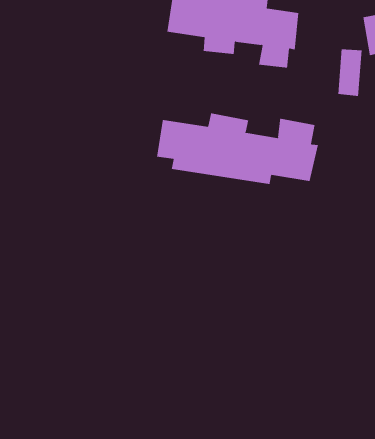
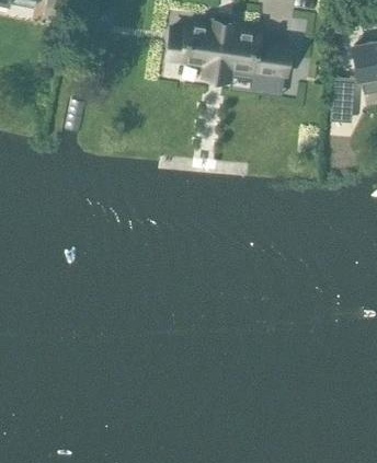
building: [157,112,318,185] -> none

